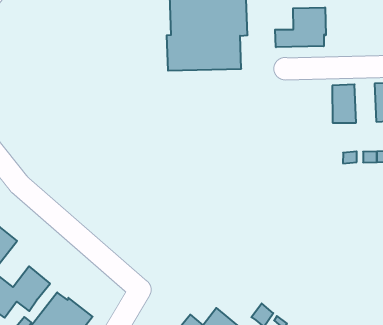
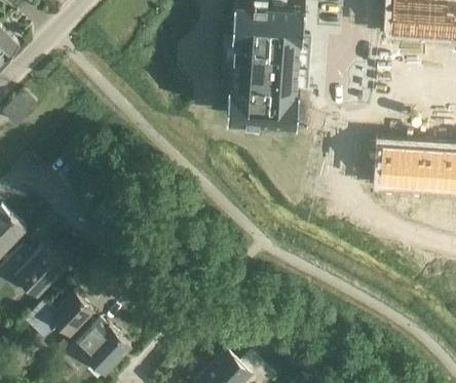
building: [275,7,326,47] -> none
building: none -> [402,148,423,186]

